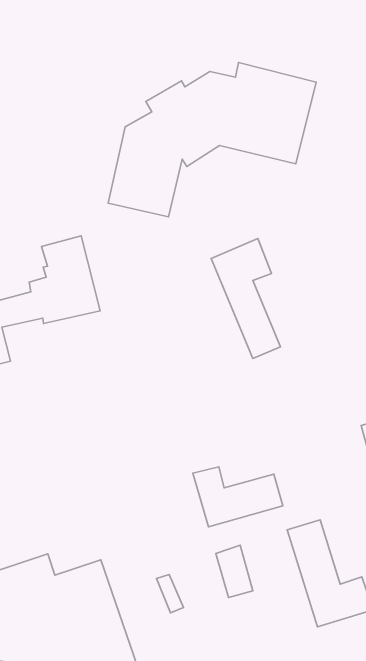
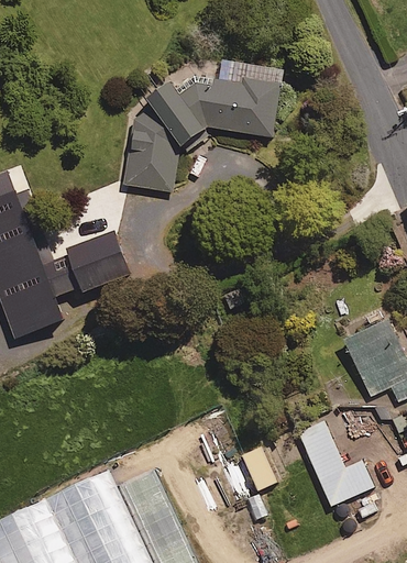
building: [211,239,281,359] -> none
building: [193,467,283,527] -> none

